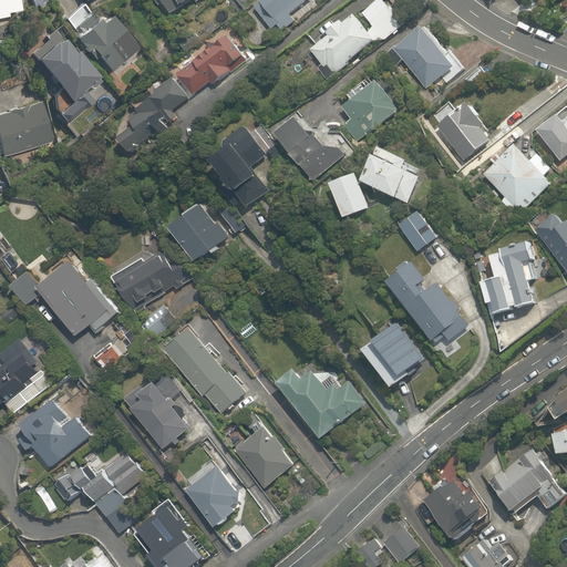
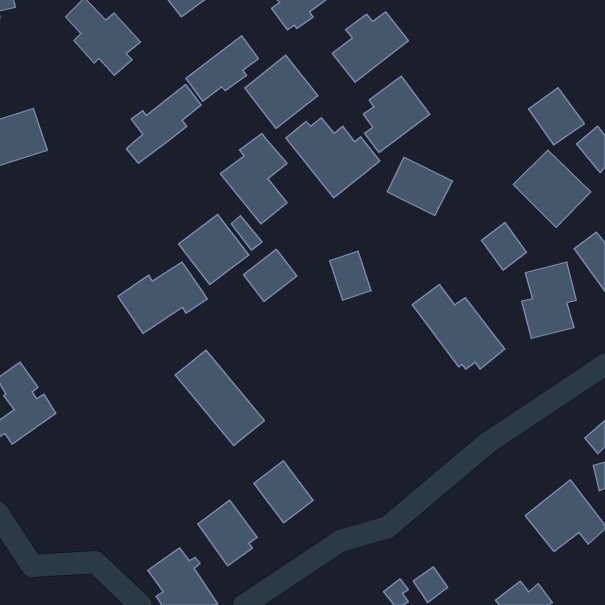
building: [386,25,450,85] -> none
building: [28,32,99,125] -> none
building: none -> [245,55,318,128]
building: [435,104,487,157] -> [528,88,584,145]
building: [327,172,365,217] -> [330,251,371,300]
building: [394,207,436,251] -> [481,223,527,270]
building: none -> [244,249,297,301]
building: [11,261,113,338] -> none
building: [358,320,426,392] -> none
building: [277,363,367,440] -> none
building: [125,383,190,451] -> none
building: [18,401,90,466] -> none
building: [53,450,145,527] -> none
building: [421,475,486,542] -> none

